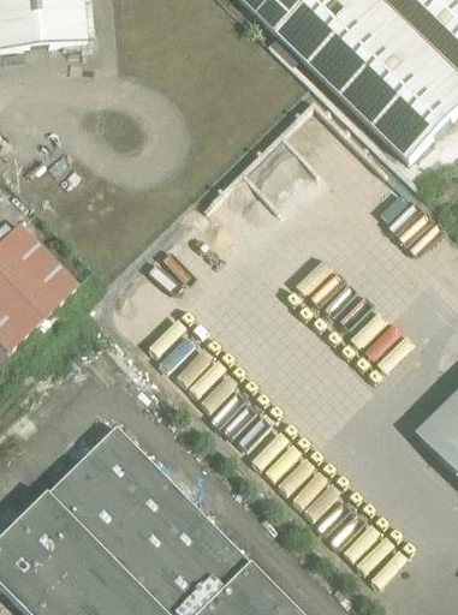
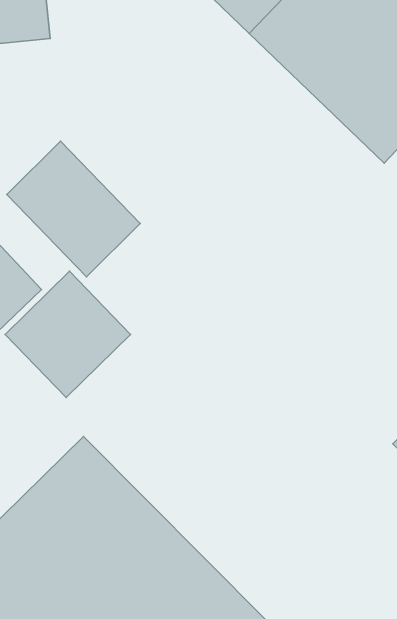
building: none -> [7,141,140,277]
building: none -> [5,271,131,398]

